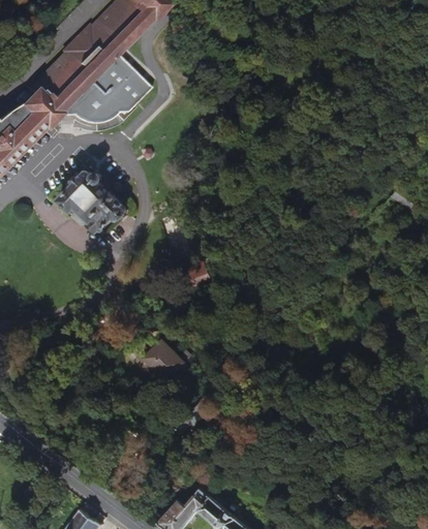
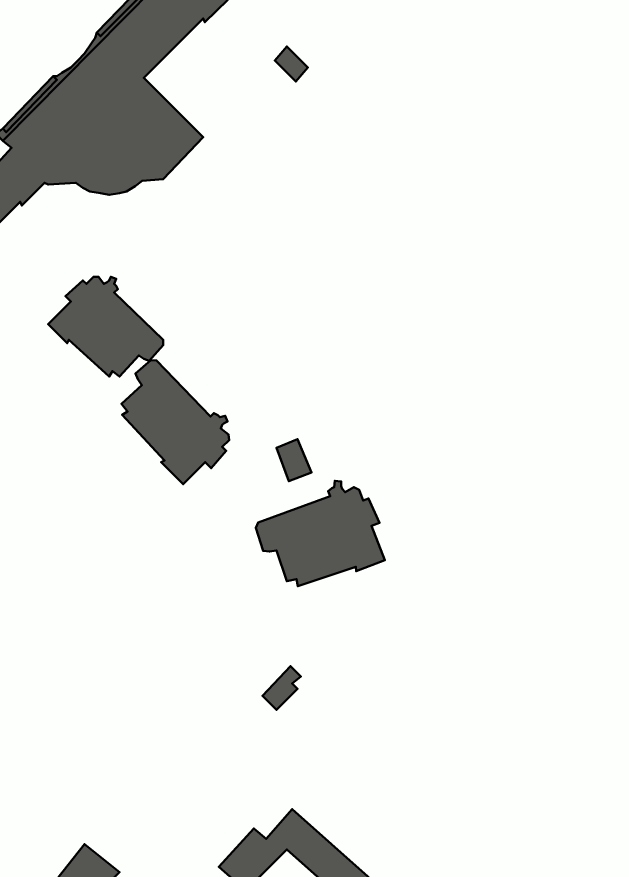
building: none -> [121,360,229,484]
building: none -> [256,481,385,586]
building: [145,340,186,381] -> none

